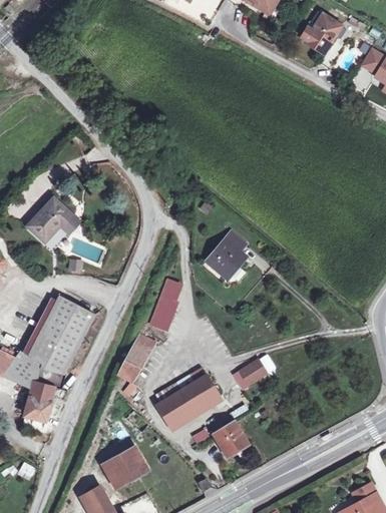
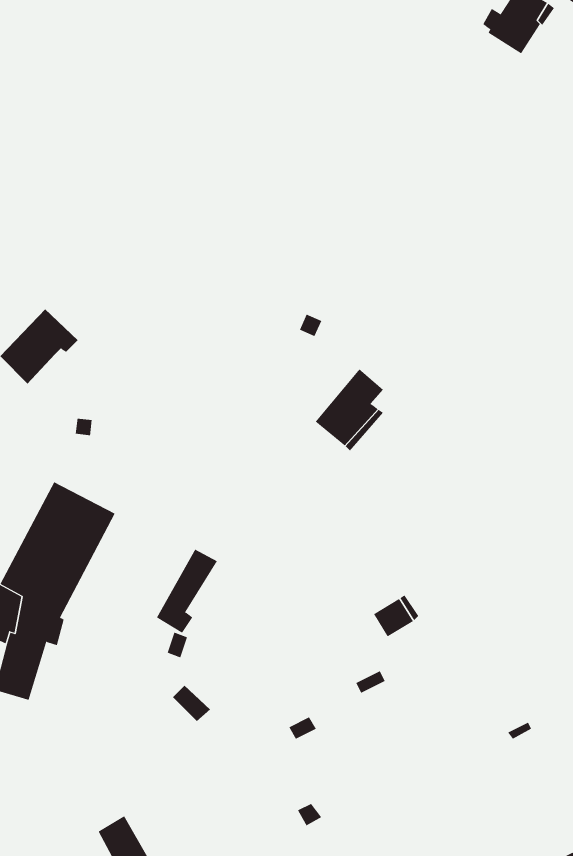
building: [149,277,183,331] -> none
building: [157,376,219,426] -> none
building: [212,422,247,457] -> none
building: [100,446,147,489] -> none

